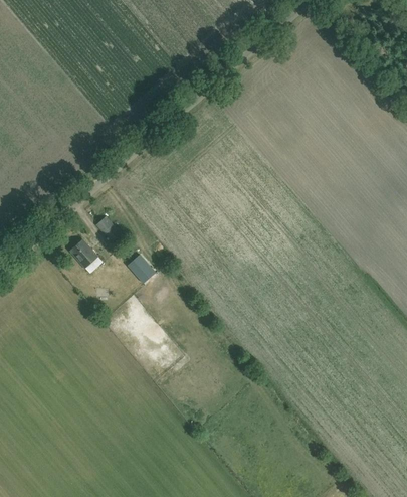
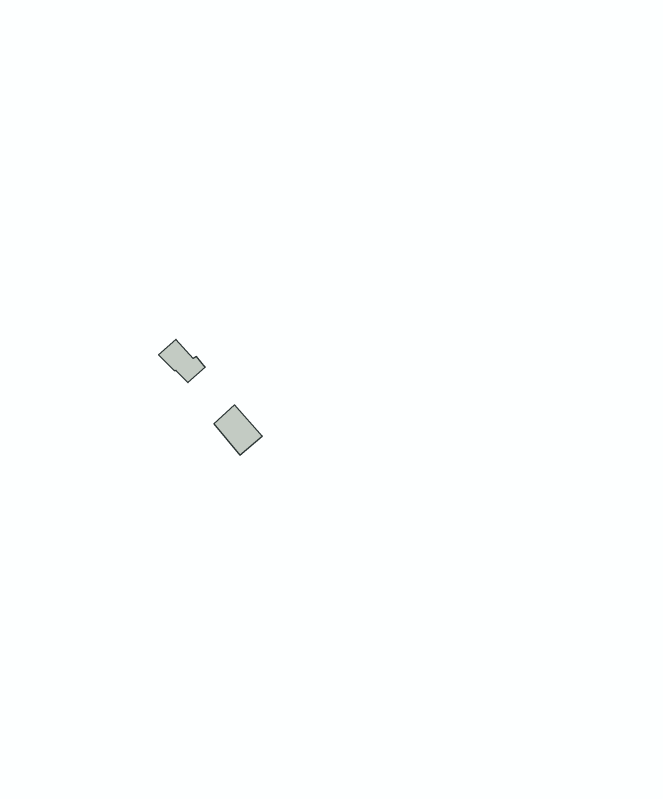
building: [70,238,97,267] -> none

